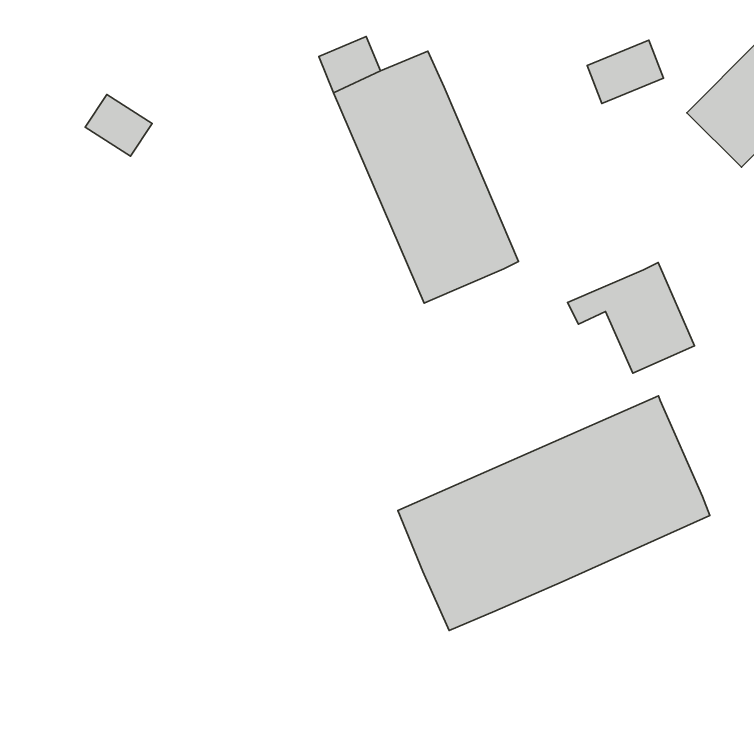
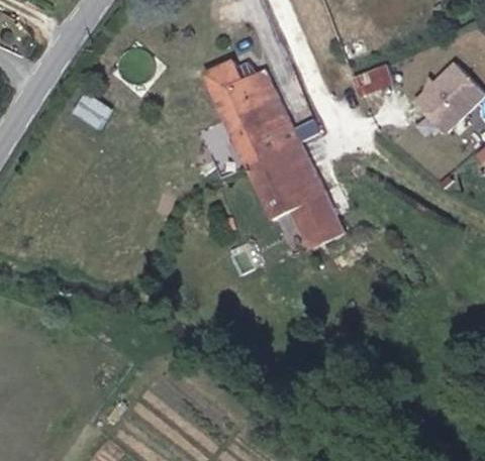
building: [568,262,694,373] -> [267,186,337,247]
building: [398,396,710,630] -> none

